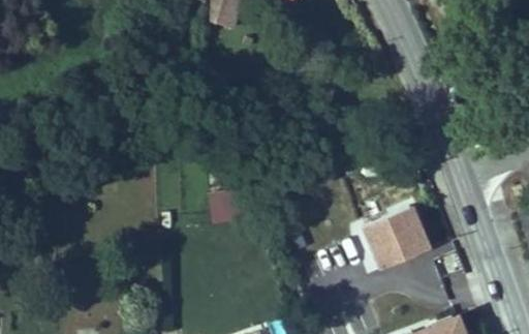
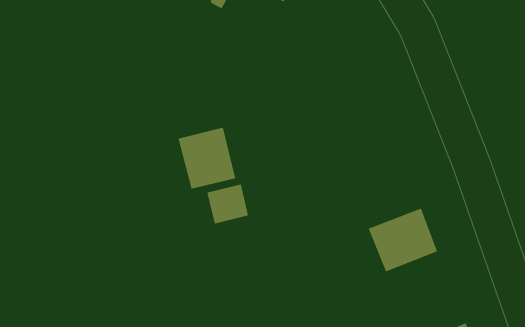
building: none -> [178,127,236,190]

